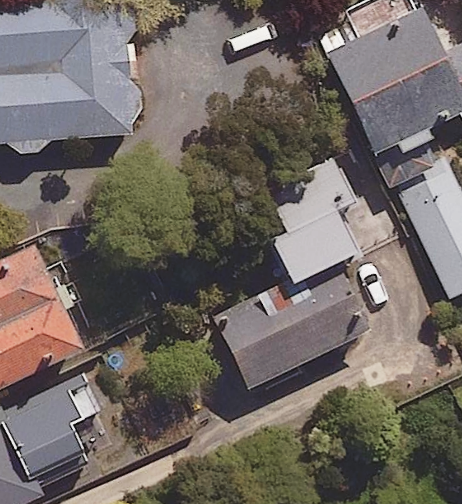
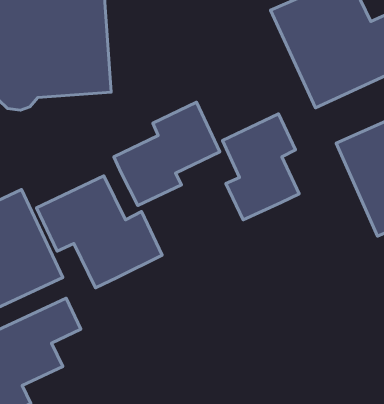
building: none -> [114,102,220,206]
building: none -> [36,176,162,288]
building: [215,262,367,388] -> none

